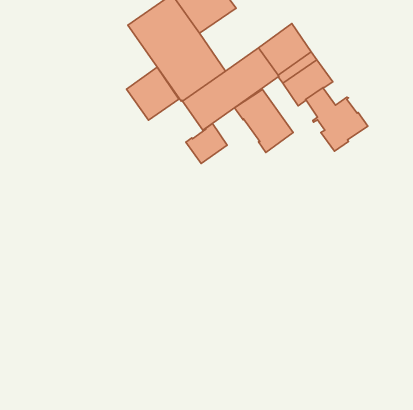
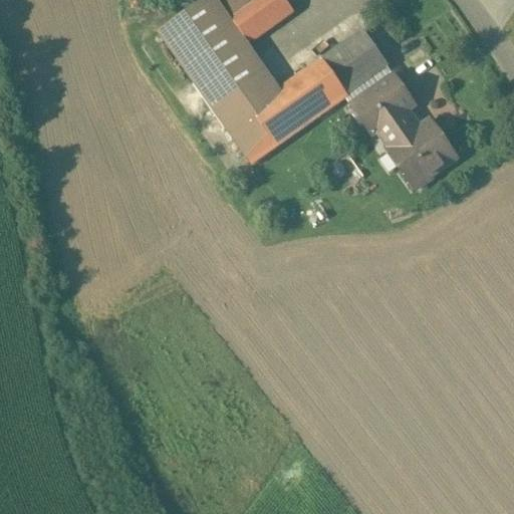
building: [127,67,179,120] -> none
building: [234,89,293,152] -> none
building: [186,123,227,164] -> none

